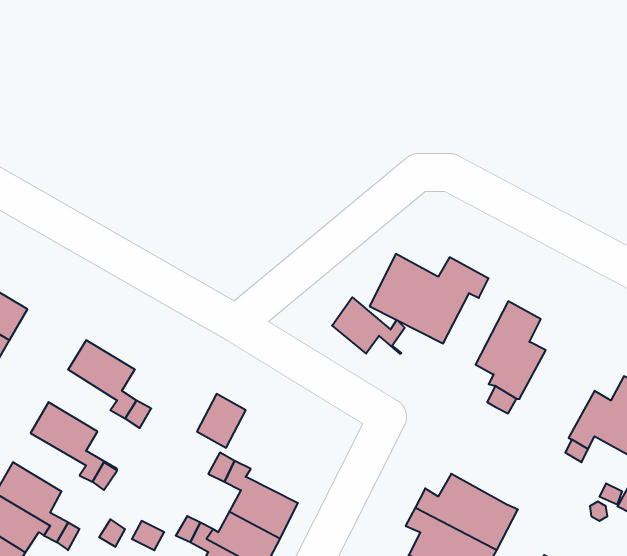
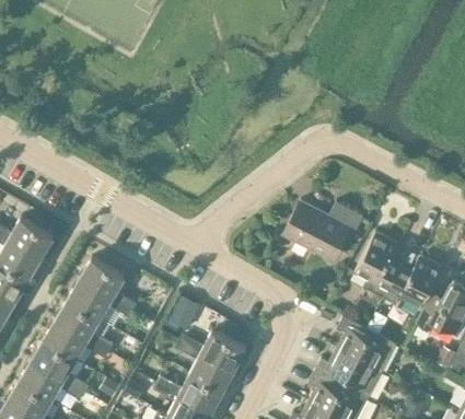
building: [332,297,405,354] -> none
building: none -> [384,256,443,310]
building: none -> [68,278,114,319]
building: none -> [336,316,397,372]
building: none -> [44,321,93,360]
building: none -> [200,330,246,368]

